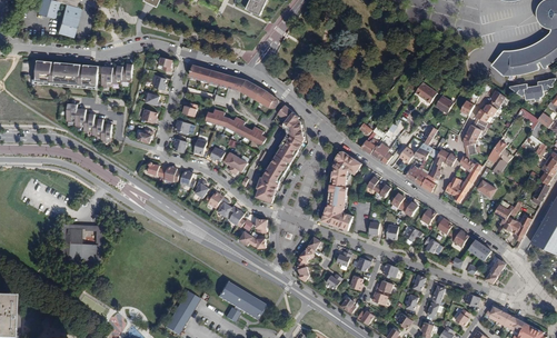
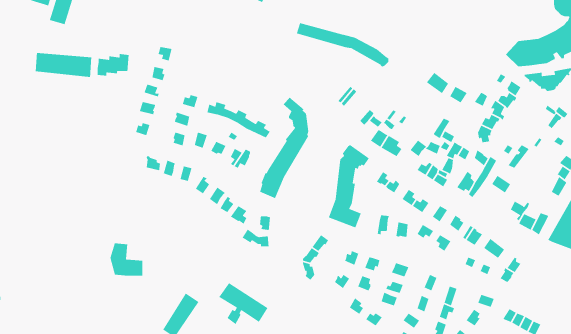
building: [189,64,278,108] -> [296,22,389,68]
building: [66,103,112,141] -> none
building: [62,228,95,260] -> [109,243,143,276]

